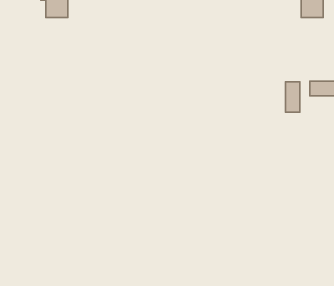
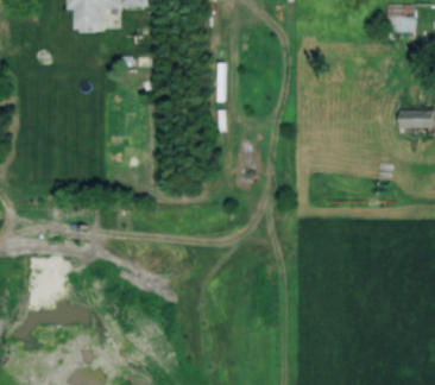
building: [286,82,300,112] -> none

